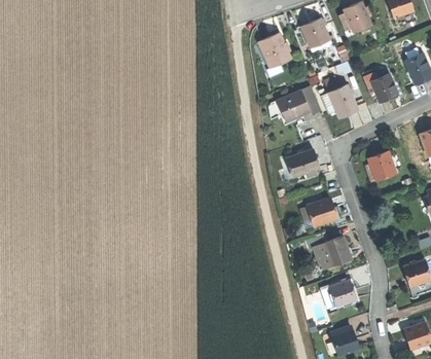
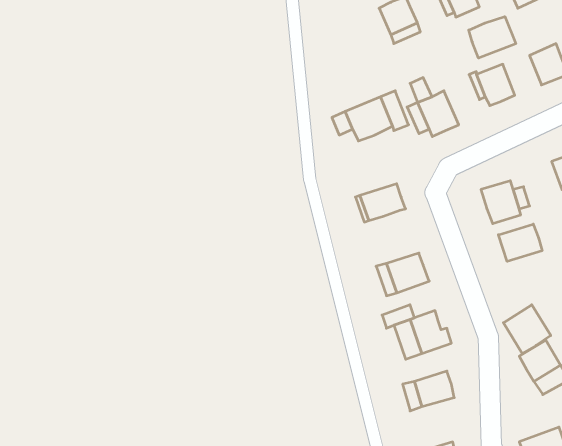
building: [259,33,292,70] -> none
building: none -> [469,17,516,58]
building: none -> [498,224,542,261]
building: none -> [503,305,551,354]

